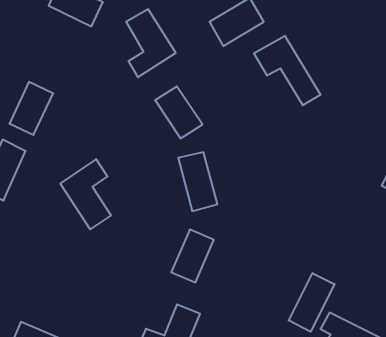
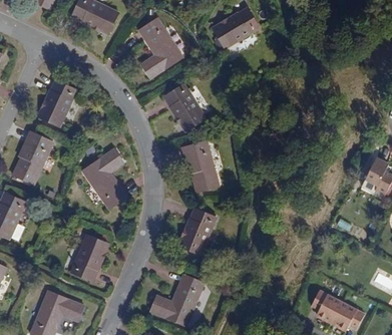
building: [254,36,320,105] -> none
building: none -> [71,235,108,281]
building: [289,273,335,332] -> none

